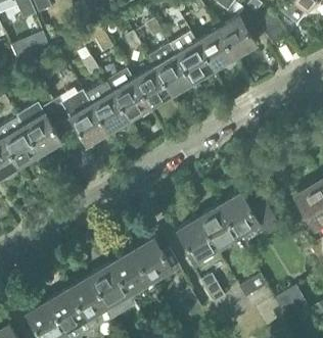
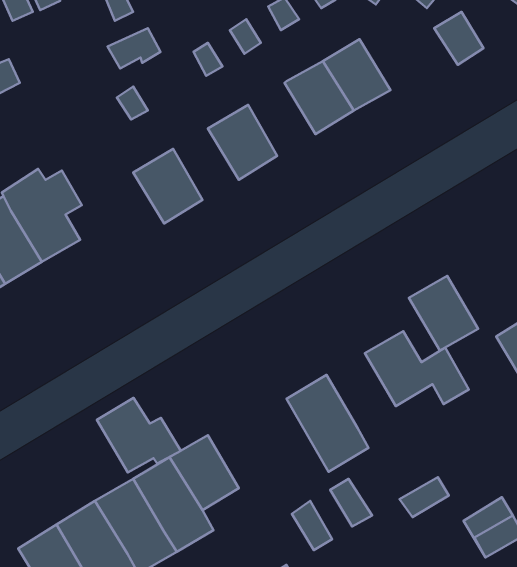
building: [218,16,257,58] -> none
building: [149,44,193,95] -> none
building: [106,68,150,119] -> none
building: [51,90,108,145] -> none
building: [199,205,238,247] -> [409,276,478,351]
building: [133,239,180,281] -> [97,398,181,473]

